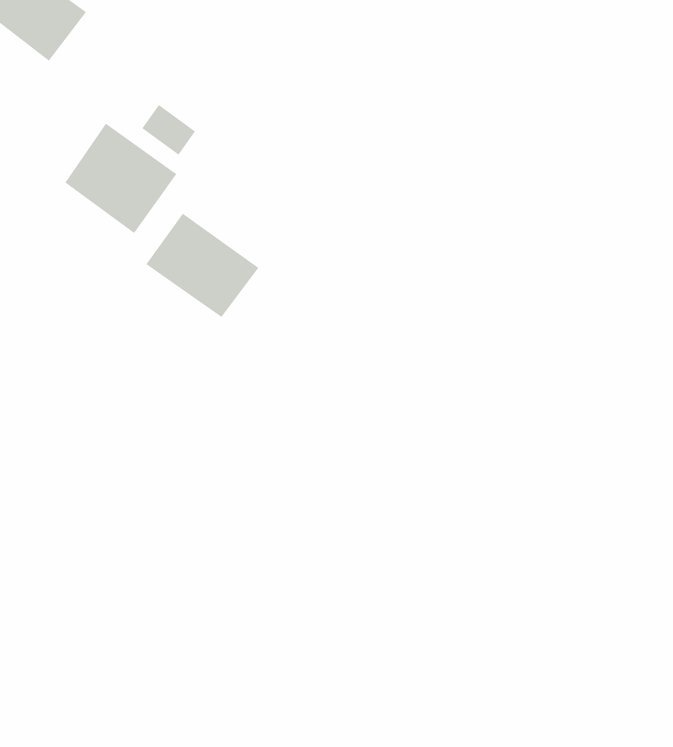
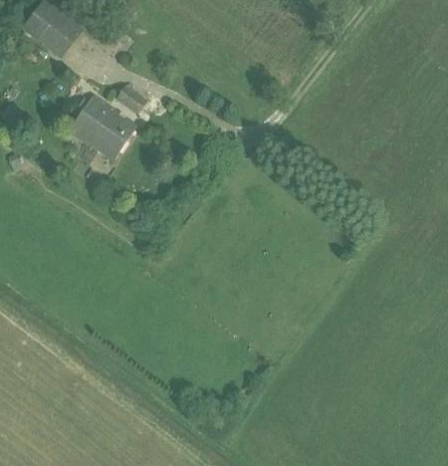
building: [146,213,259,318] -> none

